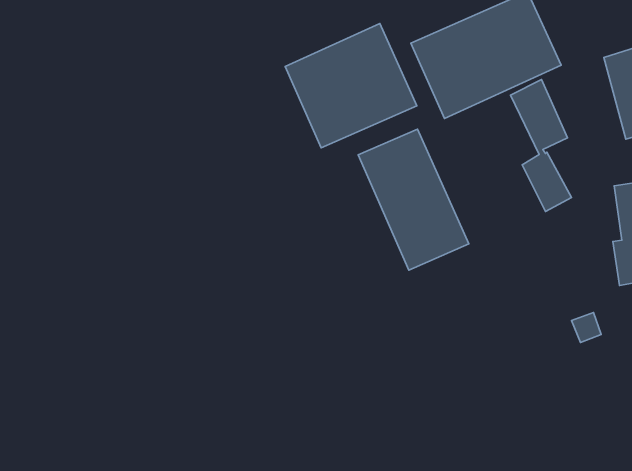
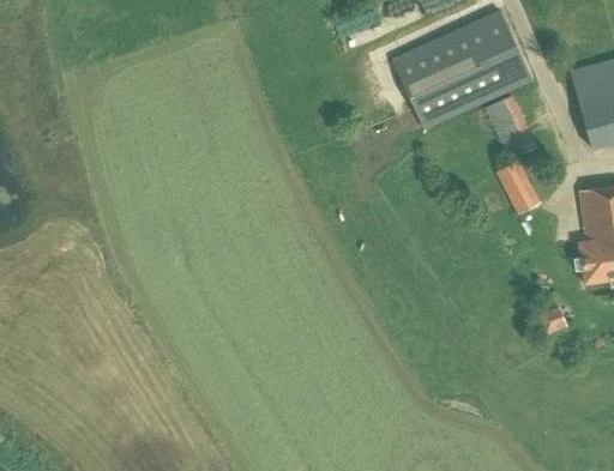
building: [285,24,417,148] -> none
building: [358,129,469,270] -> none

